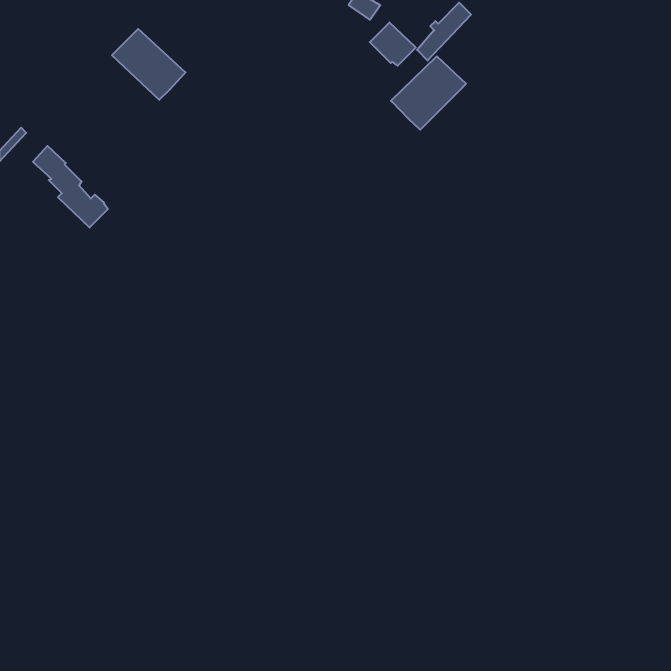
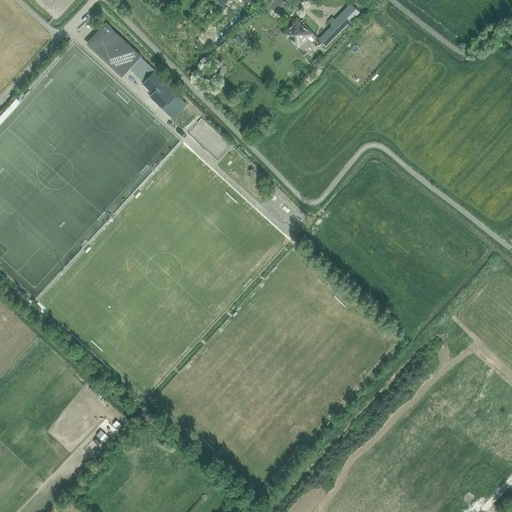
building: [391,56,466,130] -> none
building: [33,146,108,228] -> [129,56,186,118]

